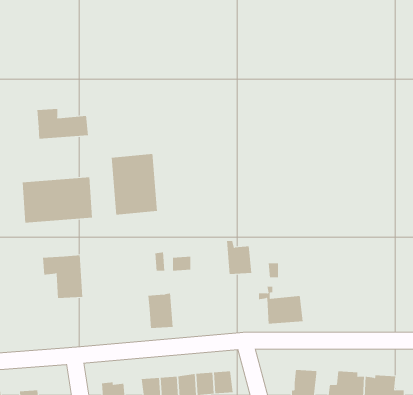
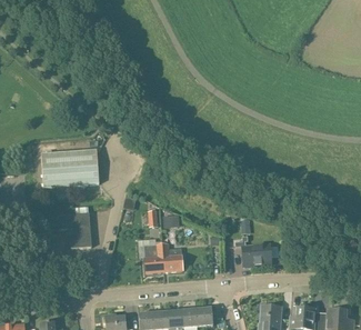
building: [37,108,88,140] -> none
building: [111,153,158,215] -> none
building: [226,240,252,275] -> [162,243,183,271]

